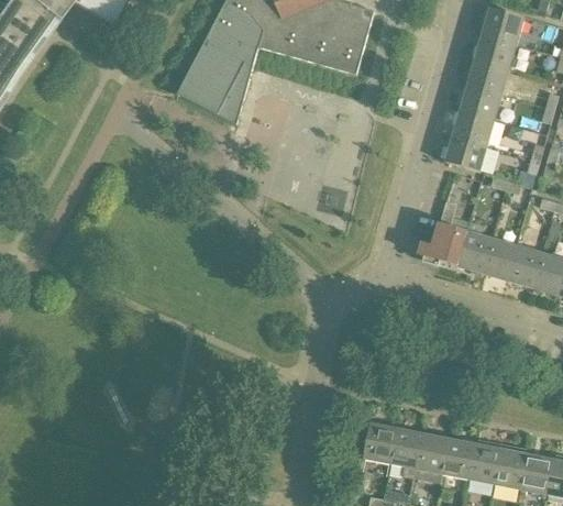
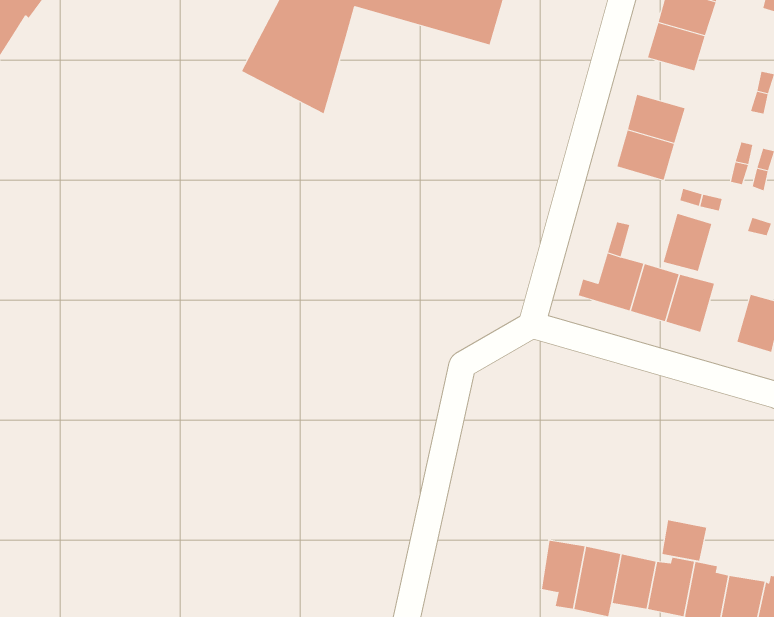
building: [460,82,501,119] -> none
building: [506,244,541,286] -> [663,213,712,271]
building: none -> [662,520,707,562]
building: [363,422,397,463] -> none

